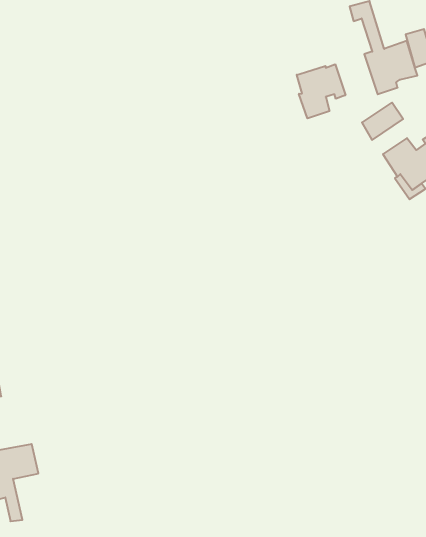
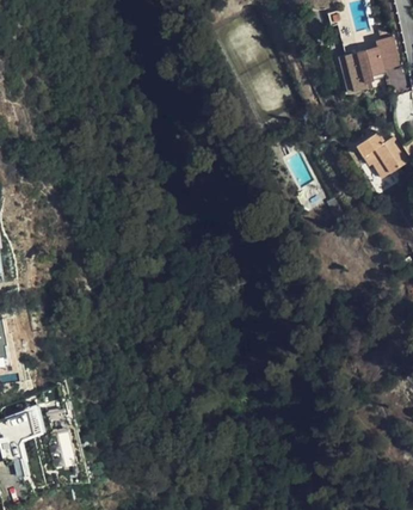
building: [297,64,345,118] -> none
building: [362,103,403,140] -> none

